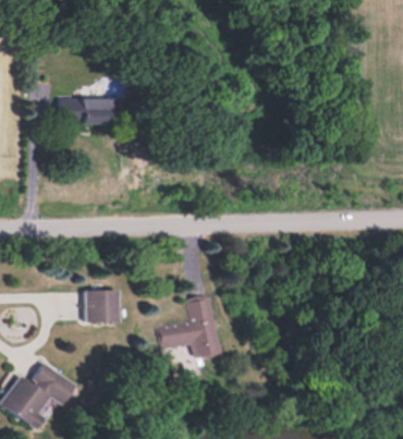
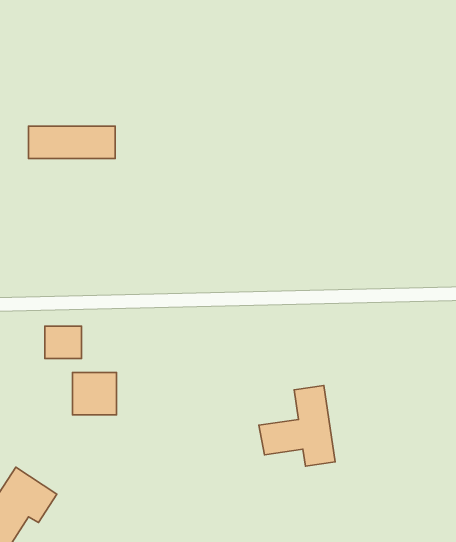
building: none -> [45,326,81,359]
building: [158,295,217,357] -> [259,385,335,466]

